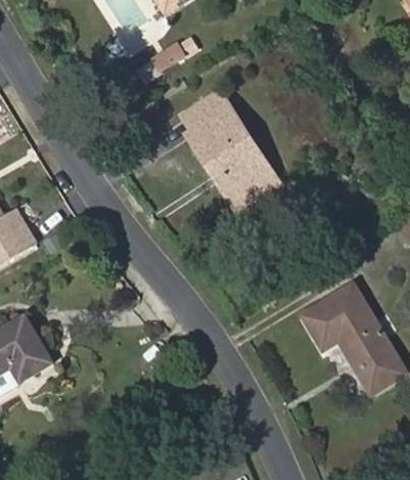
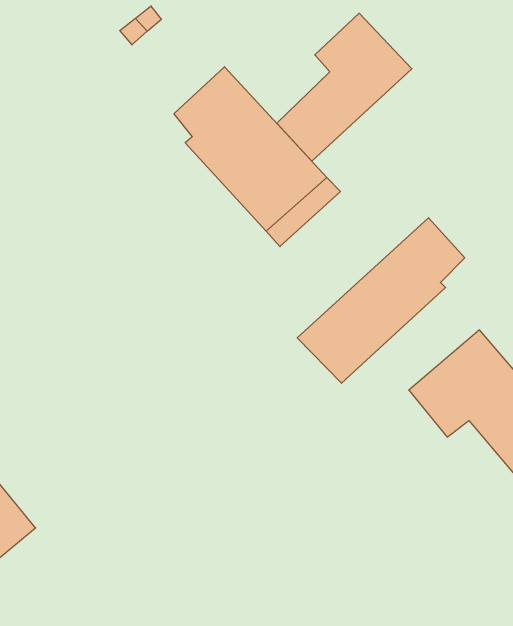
building: none -> [277,13,412,161]
building: none -> [297,218,465,383]

